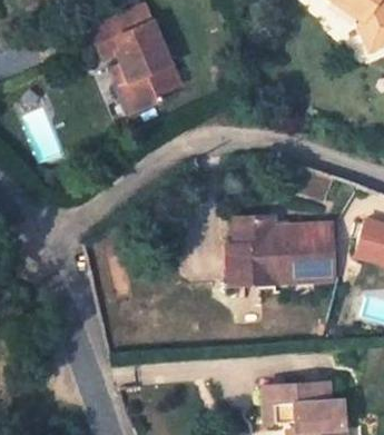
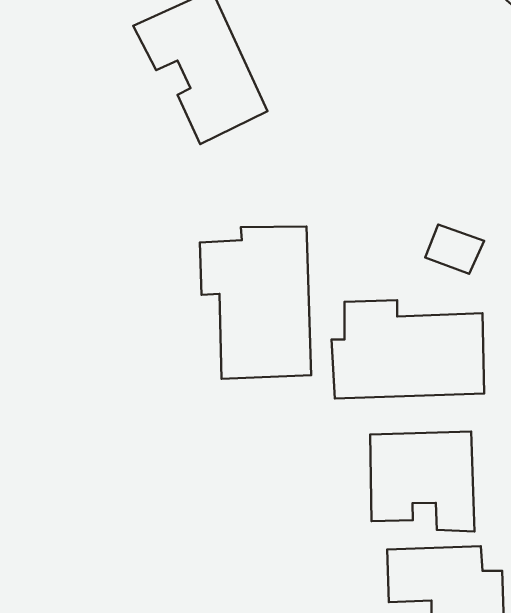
building: none -> [200,226,311,379]
building: none -> [370,431,474,531]

